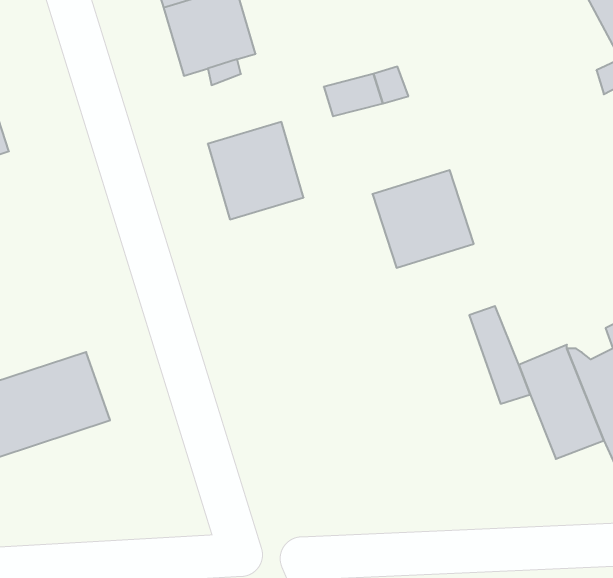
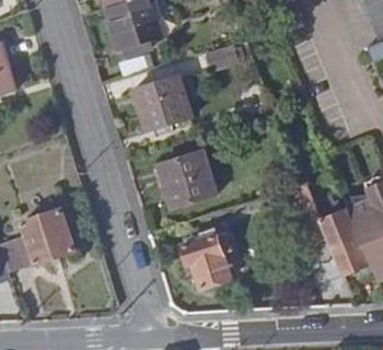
building: [372,170,474,268] -> [158,149,218,207]
building: none -> [181,233,230,288]

